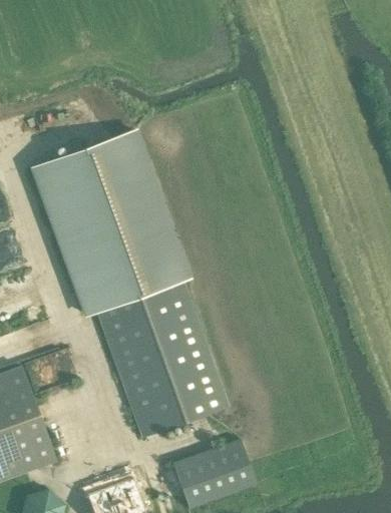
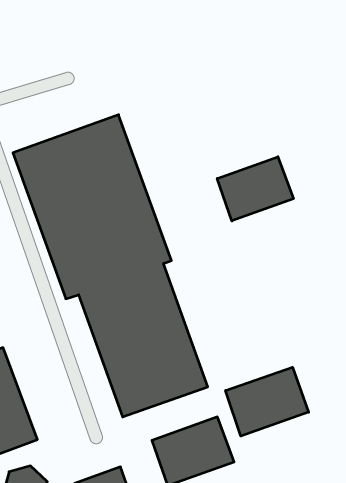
building: none -> [217,157,293,221]
building: none -> [226,367,309,436]

